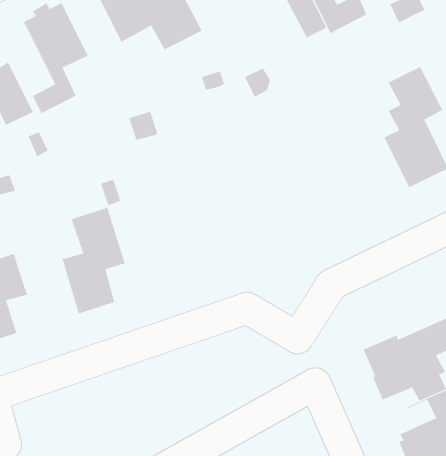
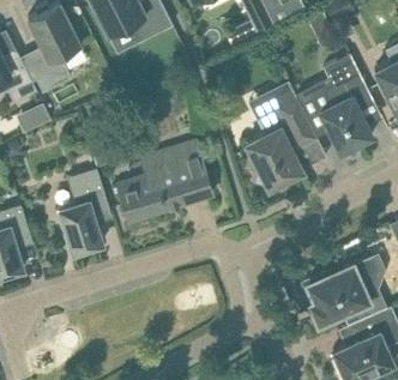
building: none -> [246,89,316,191]
building: none -> [117,143,212,222]

